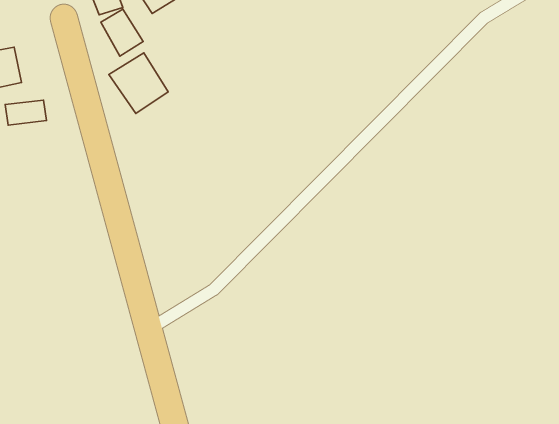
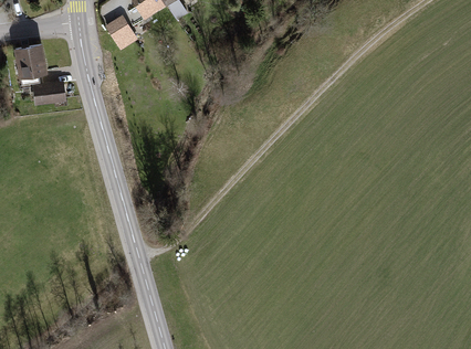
building: [109,53,168,114] -> none

